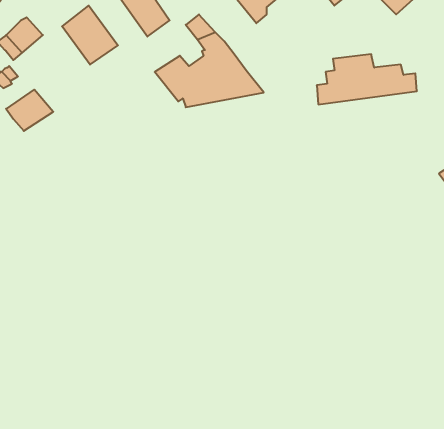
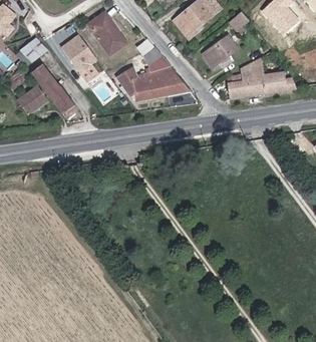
building: none -> [199,32,234,68]
building: none -> [28,63,76,113]

